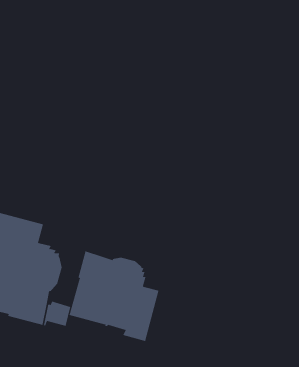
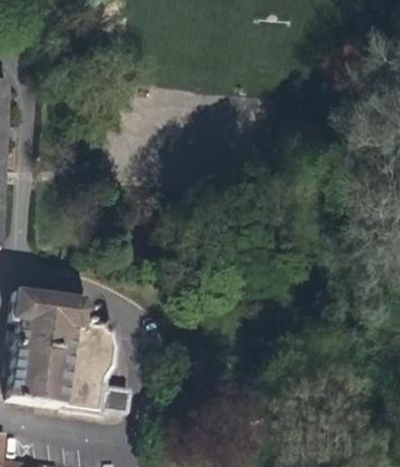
building: [69,250,159,342] -> none

